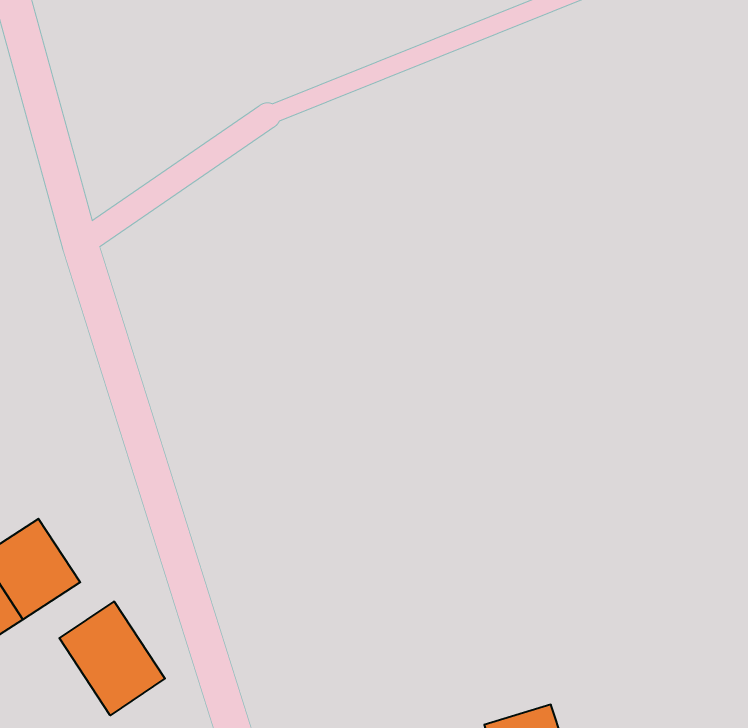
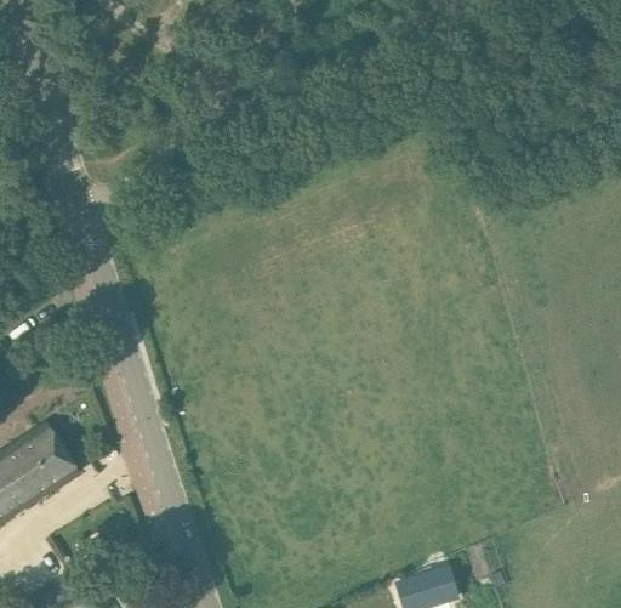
building: [59,601,165,715] -> none

